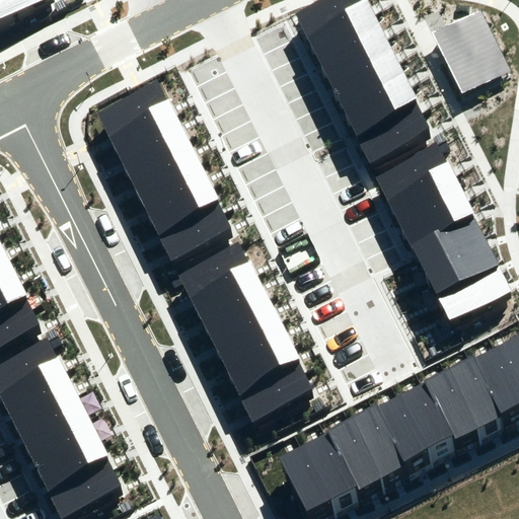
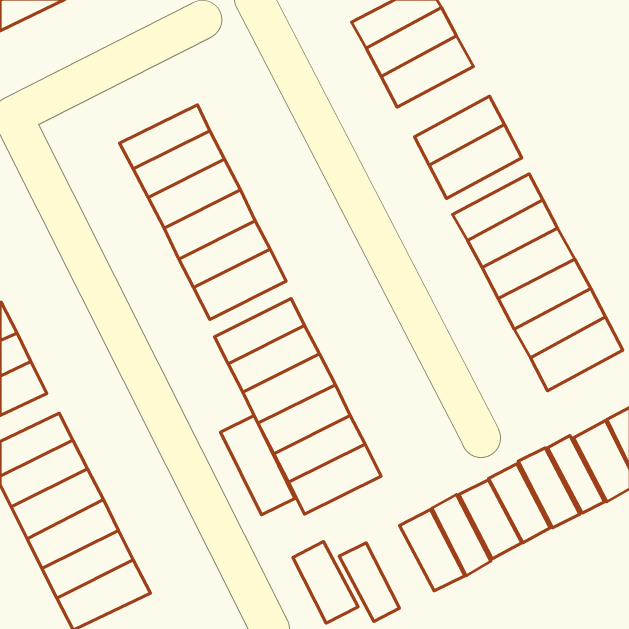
building: [434,8,511,90] -> none
building: [327,55,403,113] -> none
building: none -> [221,416,295,515]
building: [303,432,357,499] -> [293,542,358,623]

